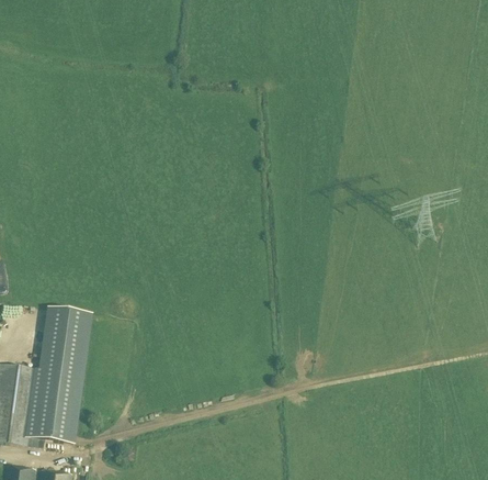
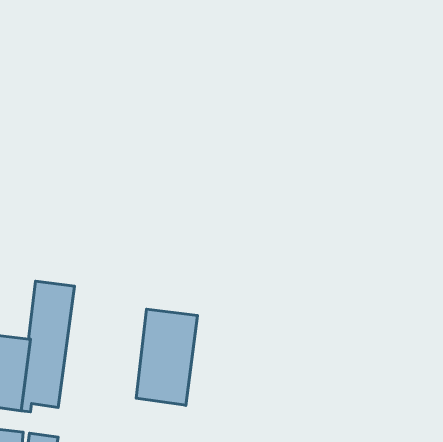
building: none -> [136,309,198,406]

